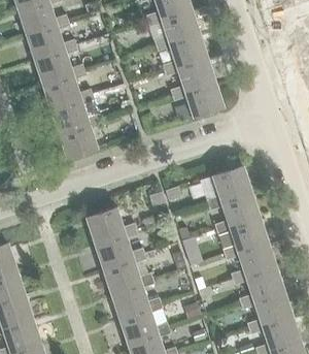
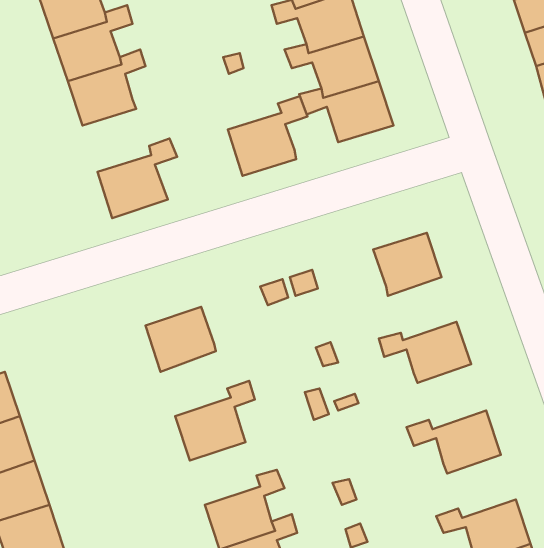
building: [50,88,95,132] -> [228,96,307,176]
building: [207,191,259,226] -> none
building: [94,224,138,268] -> none
building: [222,239,275,276] -> none
building: [110,272,154,318] -> none
building: [239,290,291,325] -> none

